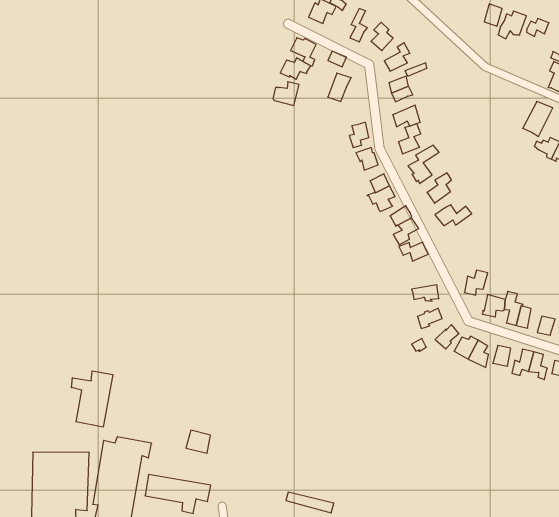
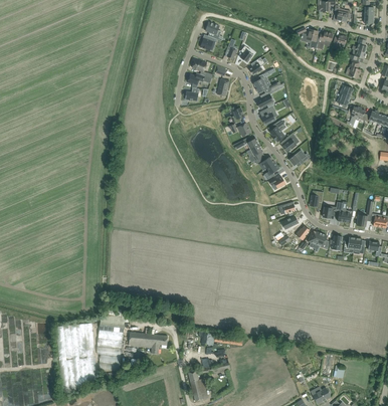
building: [71,371,113,427] -> none

